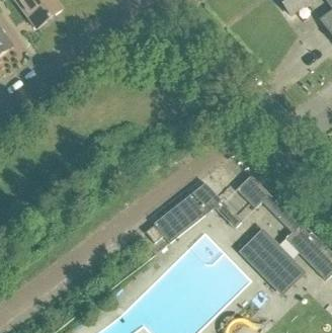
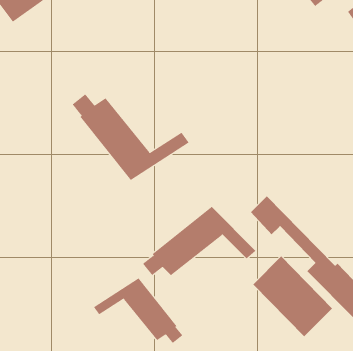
building: none -> [72,93,190,181]
building: none -> [93,278,183,344]

